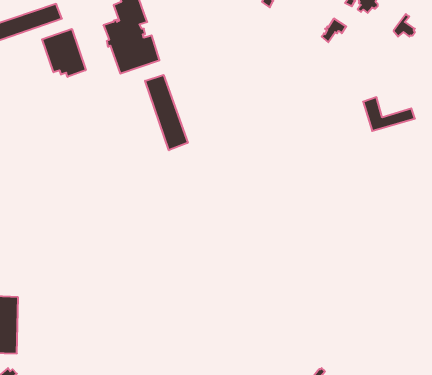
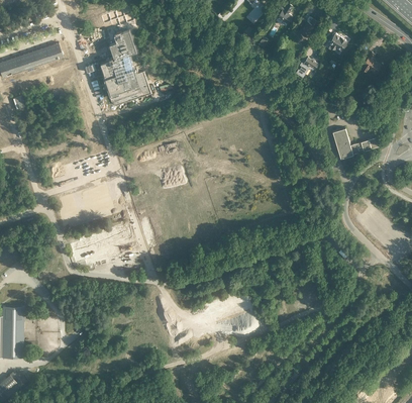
building: [42,29,86,77] -> none
building: [145,75,188,150] -> none

